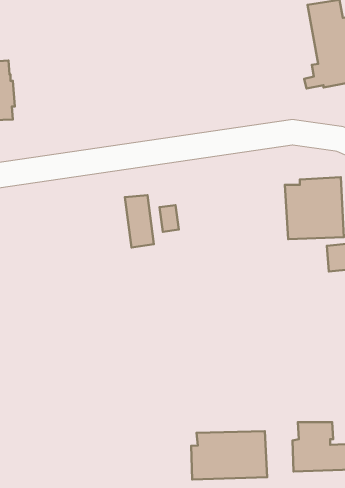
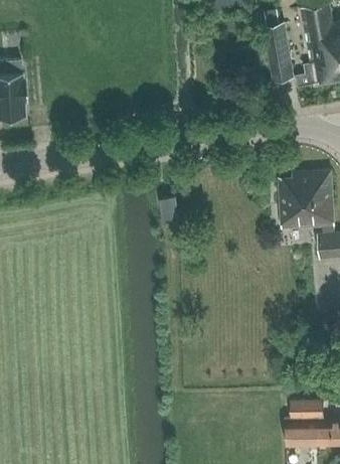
building: none -> [264,21,295,82]
building: [125,195,154,247] -> none
building: [191,431,267,480] -> none

